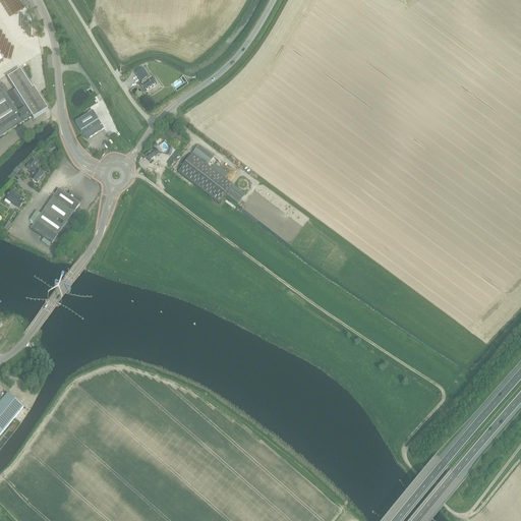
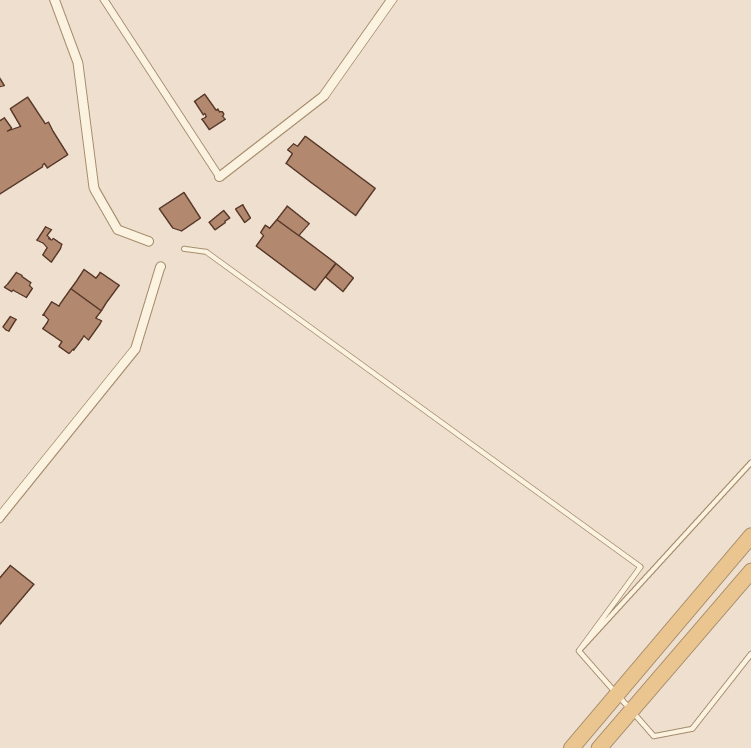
building: none -> [286,136,375,216]
building: [74,109,103,135] -> [159,193,200,231]

